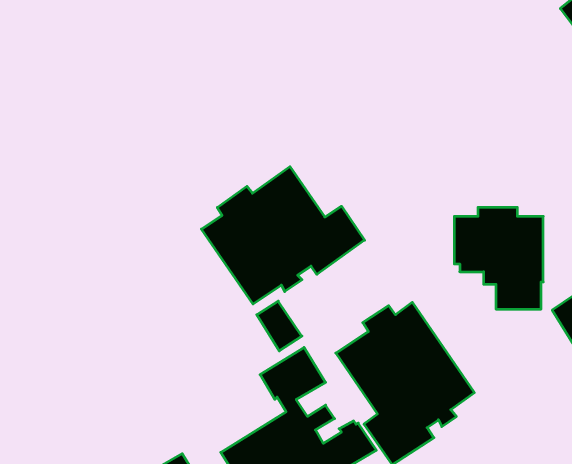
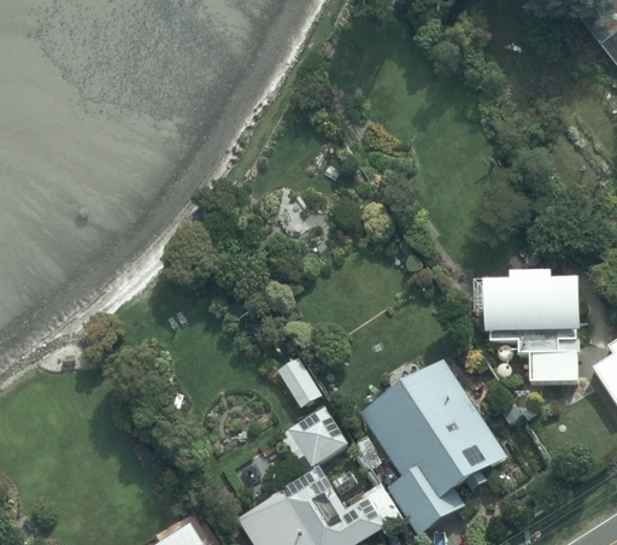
building: [201,167,365,304] -> none

